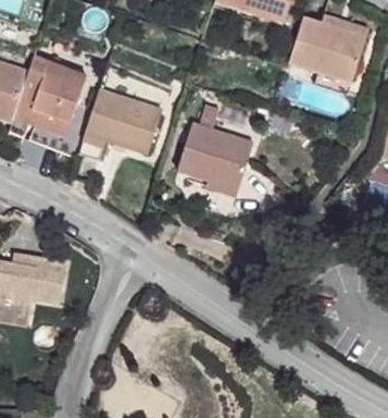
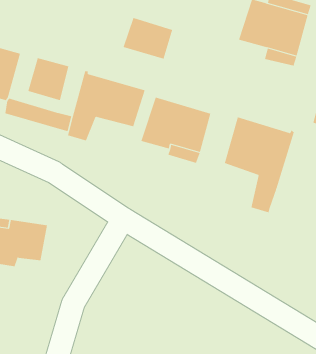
building: none -> [123,17,173,59]
building: [24,62,96,138] -> none
building: none -> [224,116,294,213]

